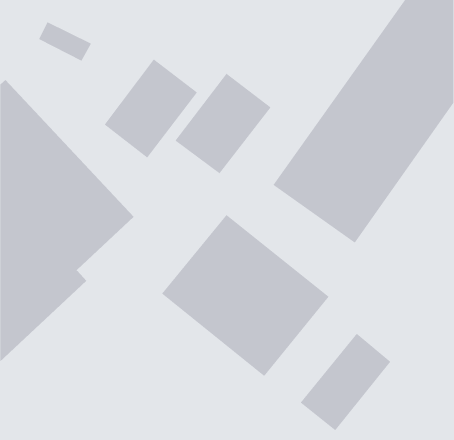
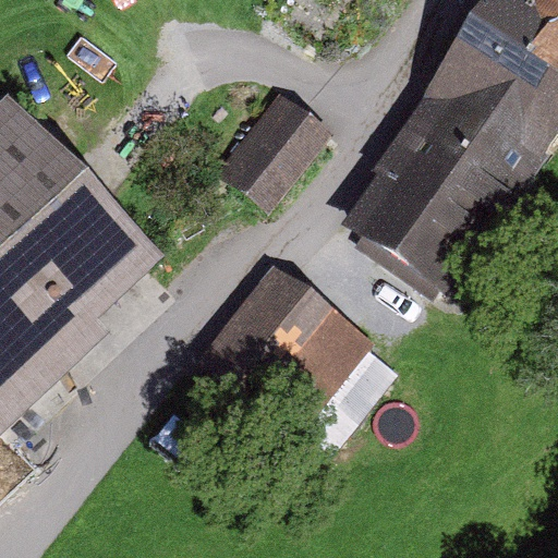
building: [104,59,198,158] -> none
building: [300,333,391,431] -> none

